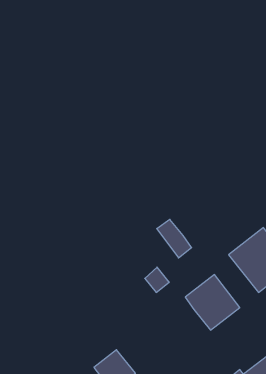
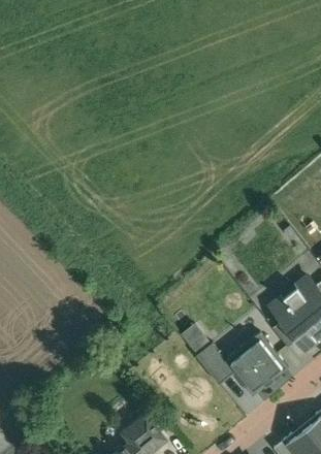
building: [157,219,192,258] -> [194,339,232,382]

